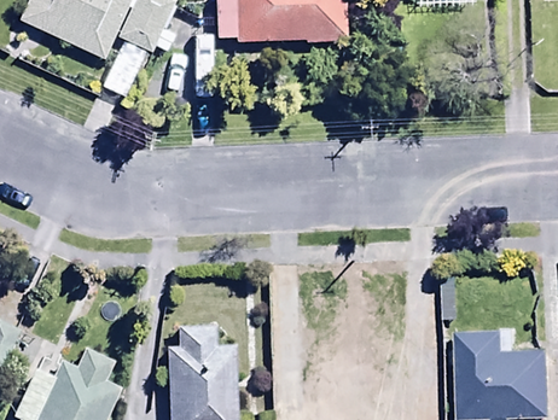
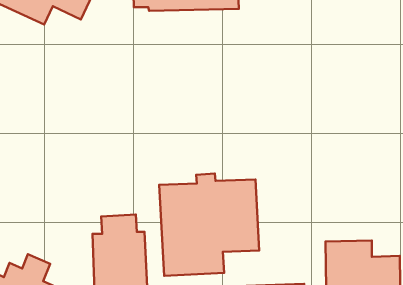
building: none -> [159,173,259,276]

